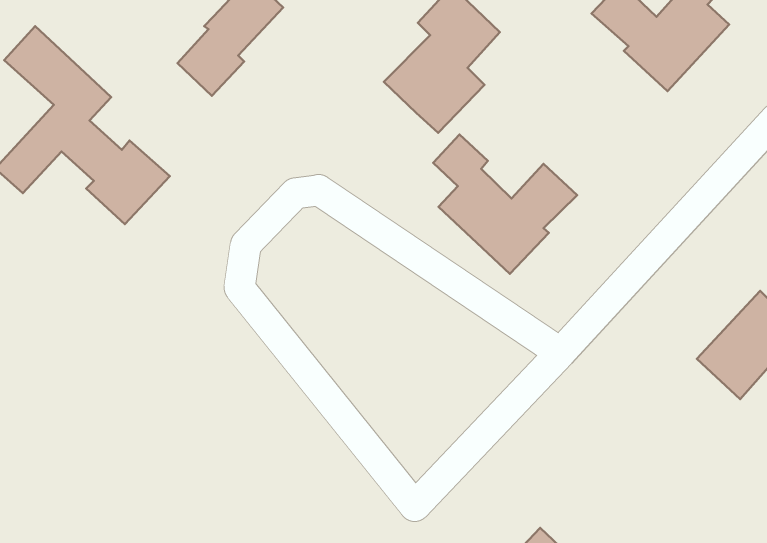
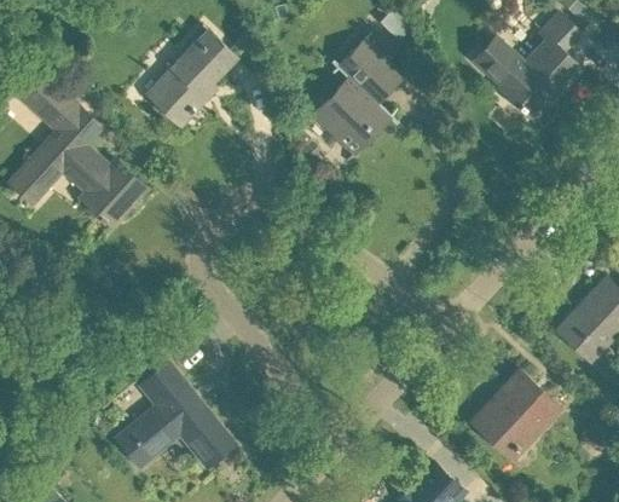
building: [433,134,577,274] -> none
building: none -> [115,362,235,467]
building: none -> [472,370,560,460]

